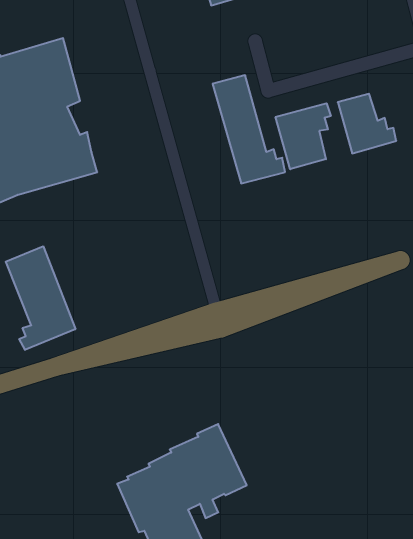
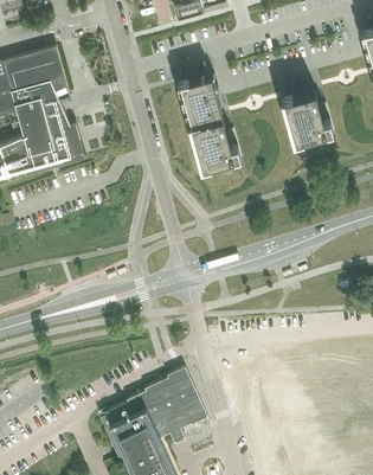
building: [276,103,331,169] -> none
building: [6,246,75,350] -> none

